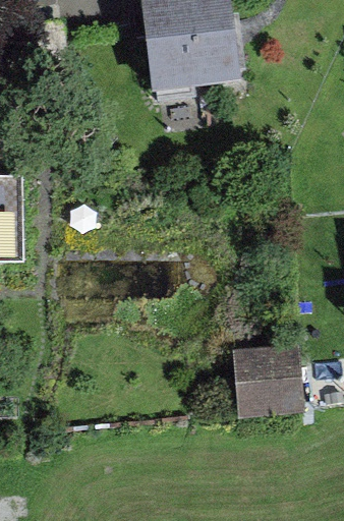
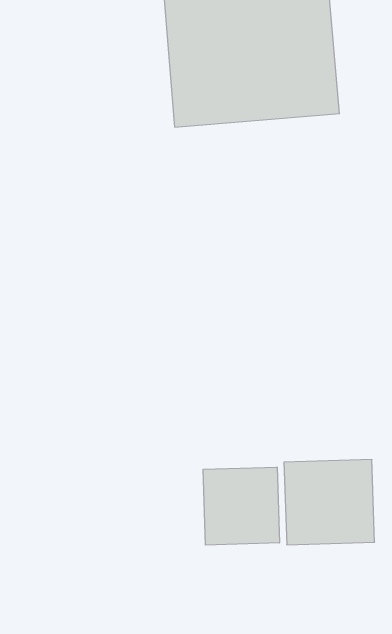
building: none -> [203,467,279,545]

